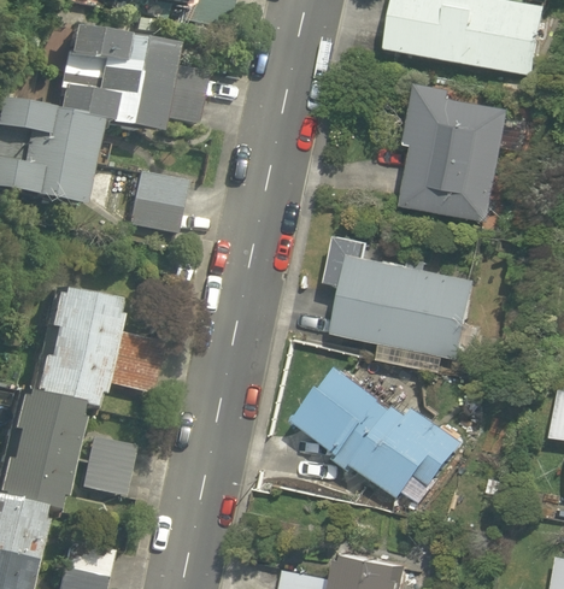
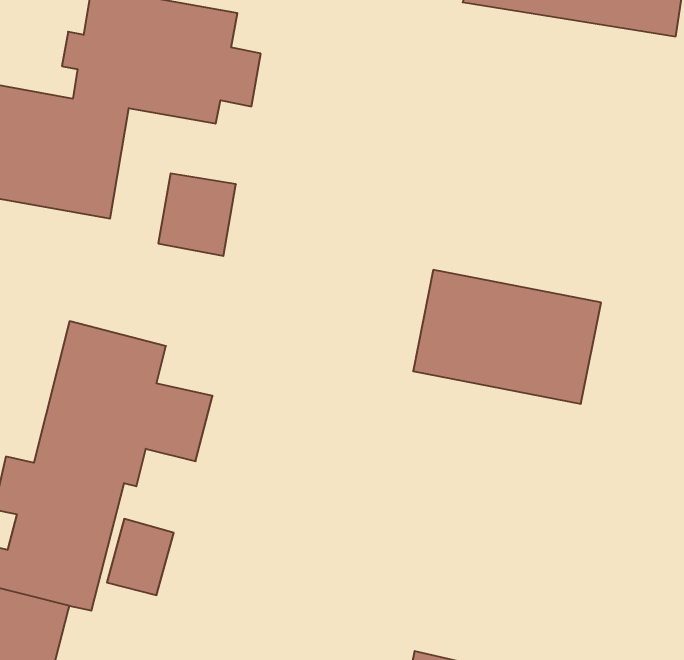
building: [384,72,501,218] -> none
building: [284,342,458,495] -> none

